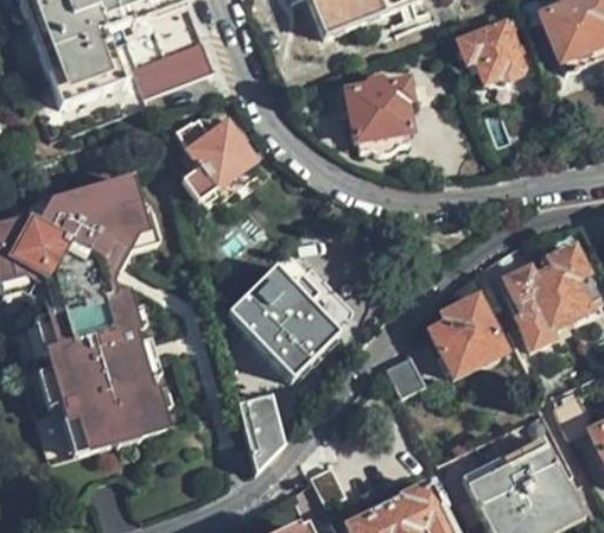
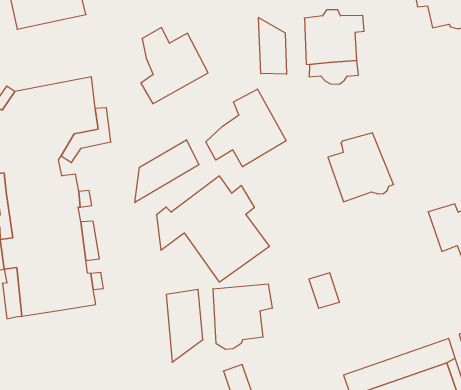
building: none -> [259,17,286,74]
building: none -> [206,89,286,167]
building: none -> [135,140,199,203]
building: [433,298,507,375] -> [328,133,394,202]
building: none -> [213,284,272,349]

